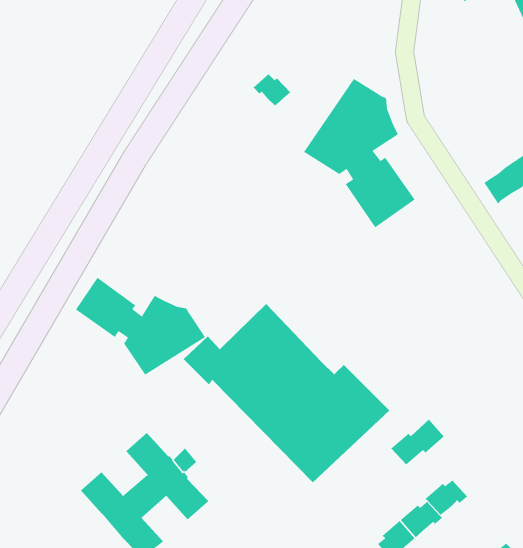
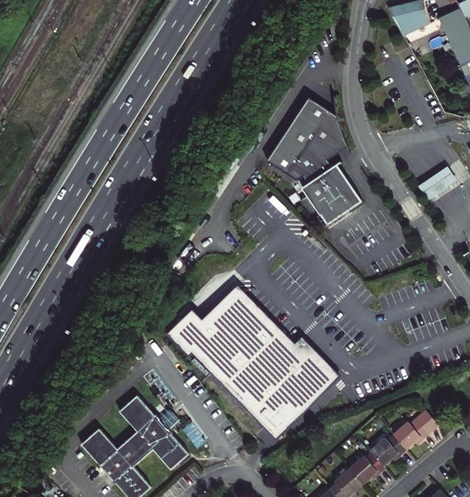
building: [253,74,291,107] -> none
building: [75,277,206,375] -> none
building: [391,419,444,465] -> [392,410,437,449]

